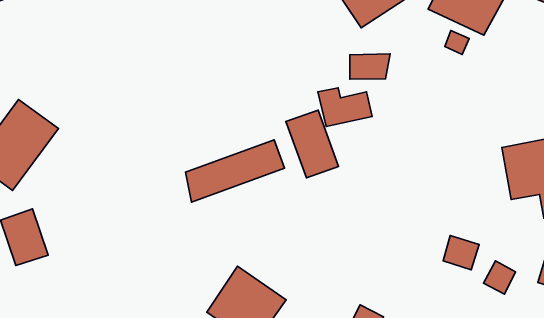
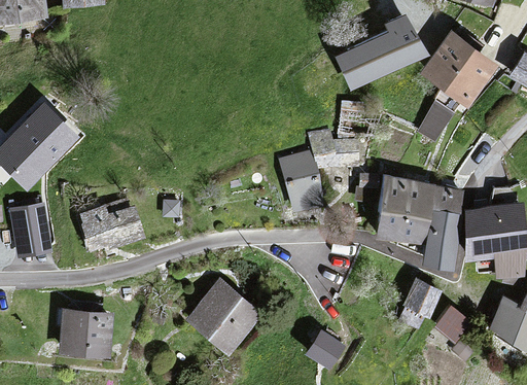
building: none -> [374,171,463,262]
building: [185,140,285,202] -> none
building: none -> [79,203,141,249]

